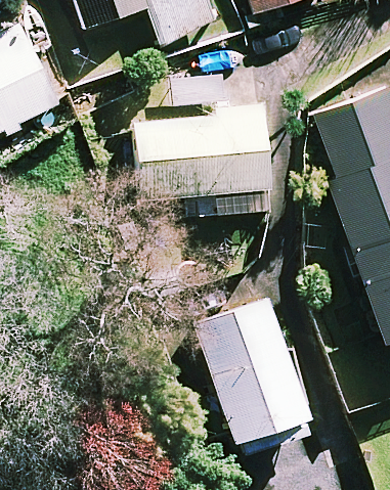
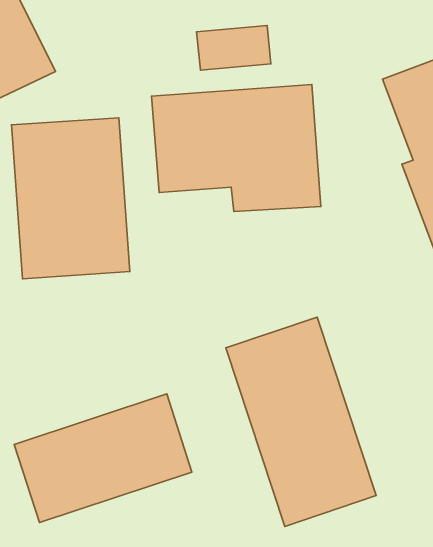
building: none -> [12,118,130,279]
building: none -> [14,394,192,523]

